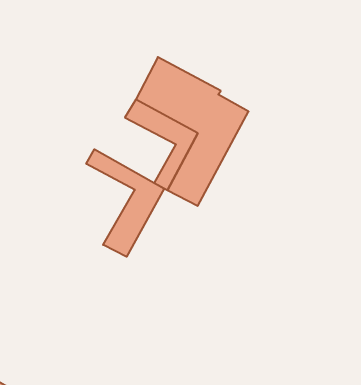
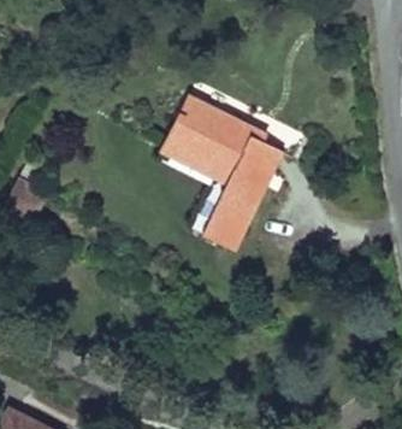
building: [86,149,164,257] -> none

